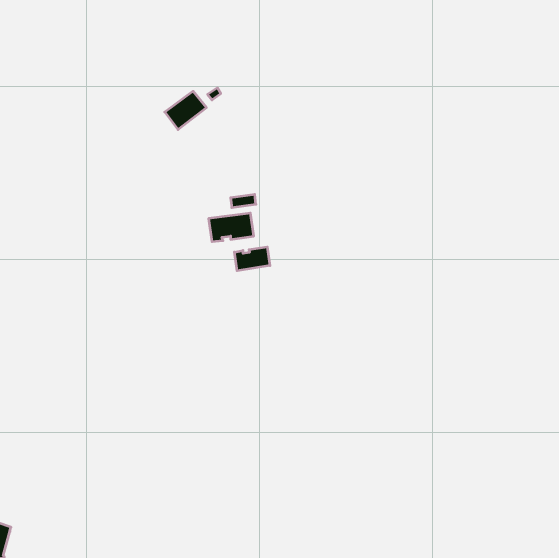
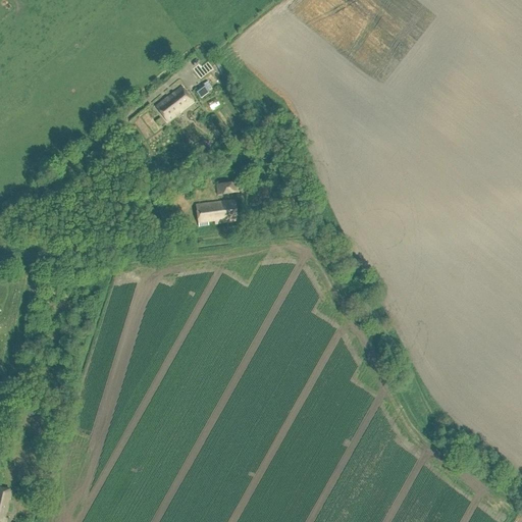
building: [234,247,270,271] -> none

